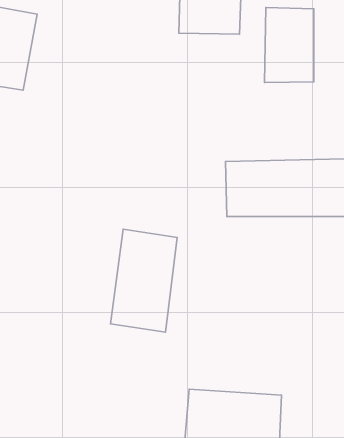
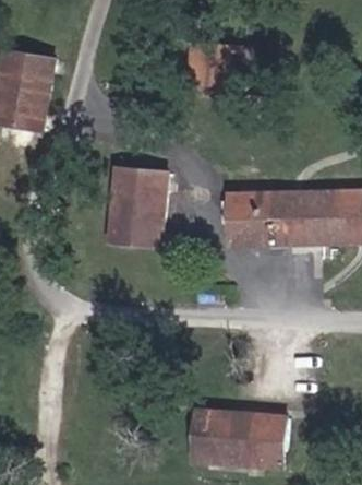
building: [264,8,314,82] -> none
building: [110,229,177,332] -> [109,153,171,249]

